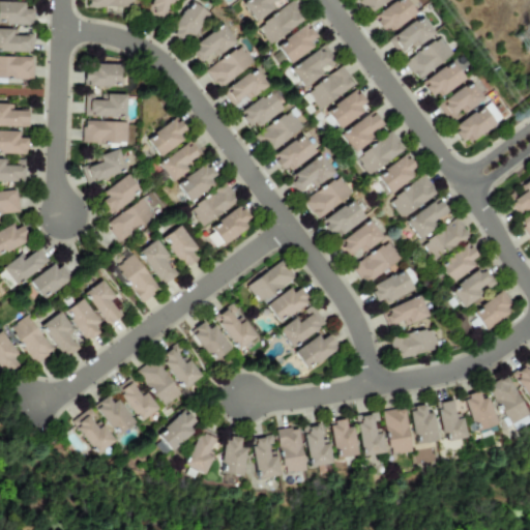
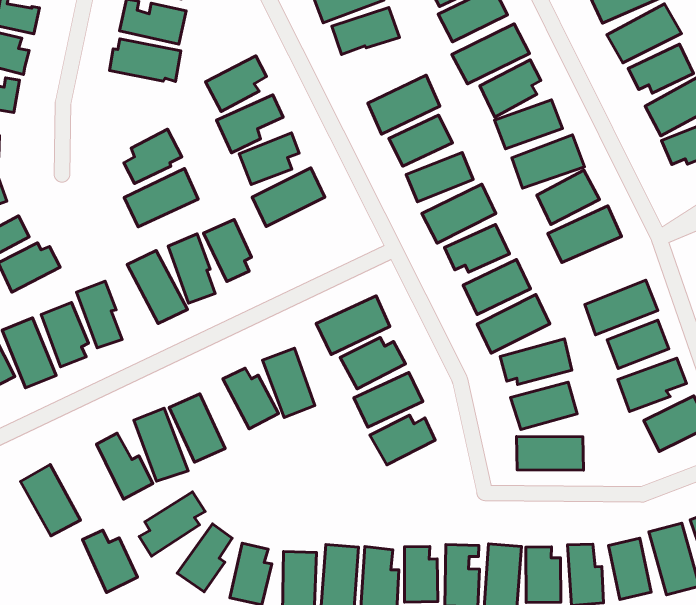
building: [243,90,286,126] -> none
building: [83,148,128,184] -> none
building: [408,198,450,239] -> none
building: [208,205,256,248] -> none
building: [96,395,137,436] -> [82,530,138,592]

